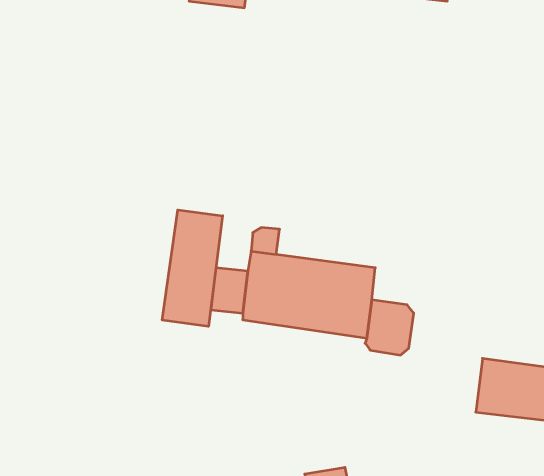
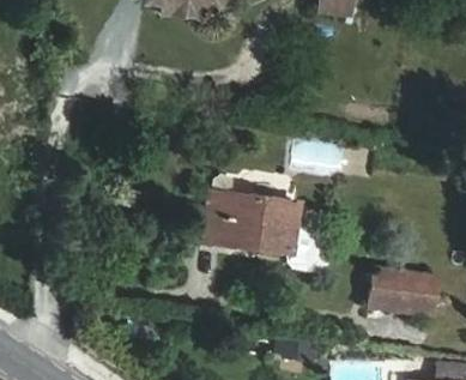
building: [162,210,223,326] -> none

